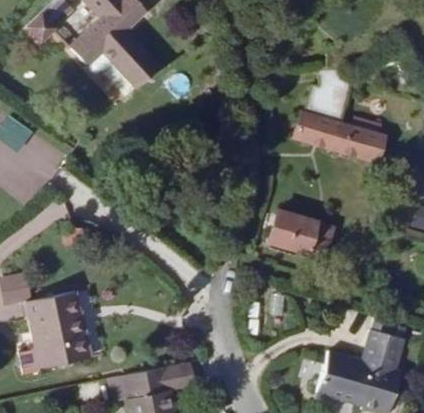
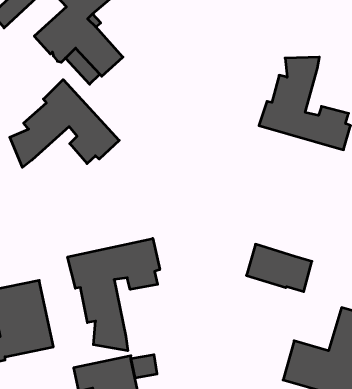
building: none -> [10,80,119,167]
building: [268,211,333,258] -> [246,244,312,292]
building: none -> [68,238,160,351]

